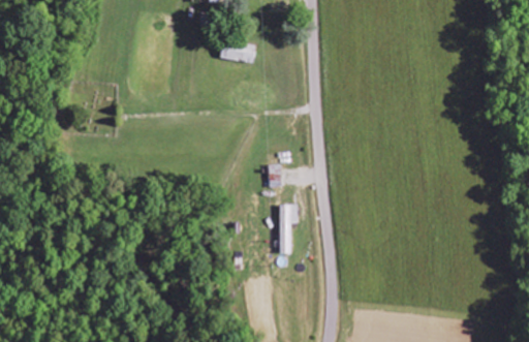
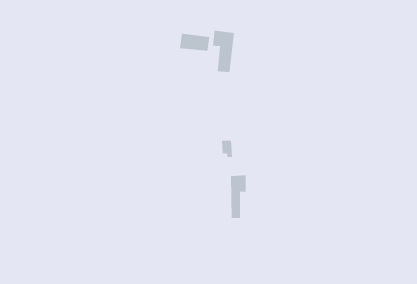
building: none -> [213,30,234,73]

